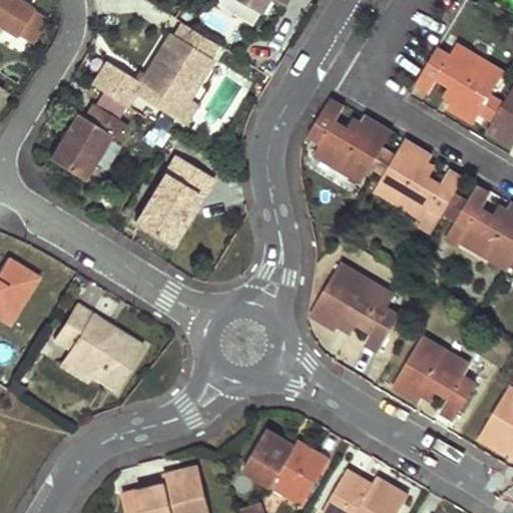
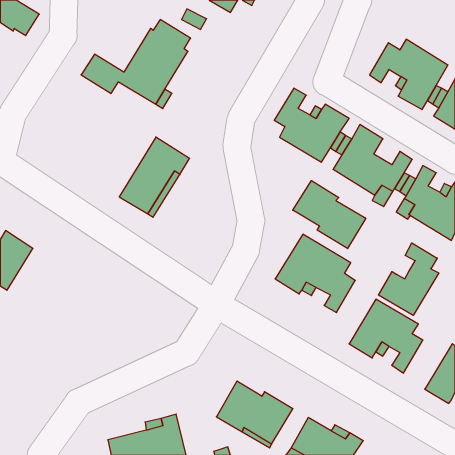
building: [48,103,127,179] -> none
building: none -> [293,181,366,249]
building: none -> [378,243,439,315]
building: [53,304,142,390] -> none

